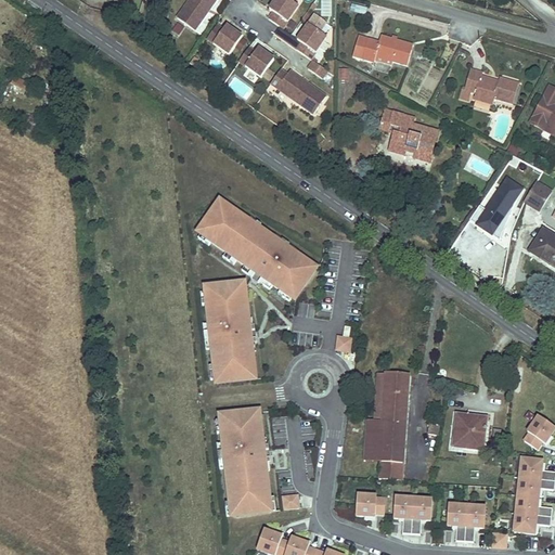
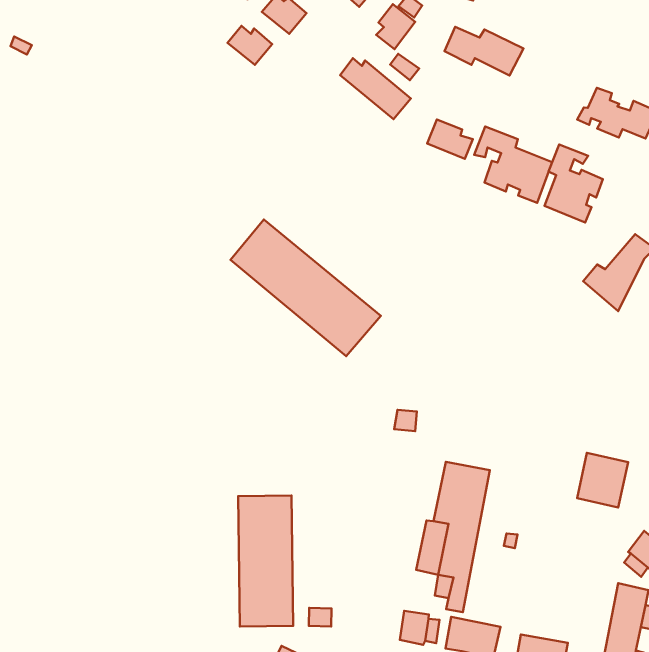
building: [236,44,271,74] -> [227,26,272,65]
building: none -> [427,119,473,159]
building: none -> [544,144,603,223]
building: [205,281,259,382] -> none
building: [452,411,489,451] -> [577,453,628,507]

